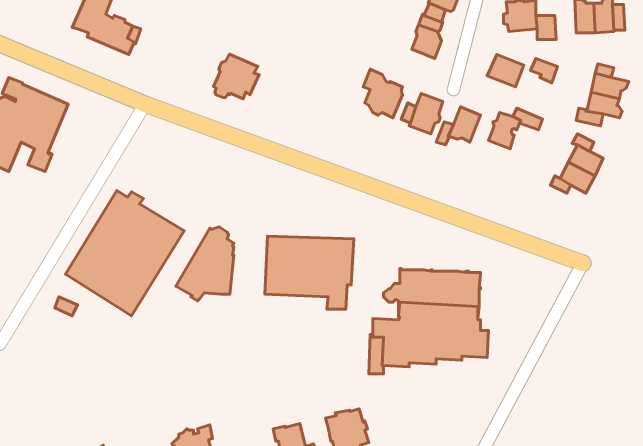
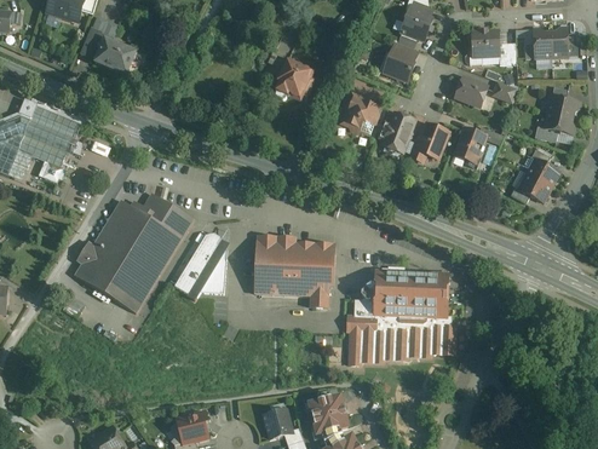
building: [213,54,259,99] -> [274,59,315,99]
building: none -> [142,198,192,236]

